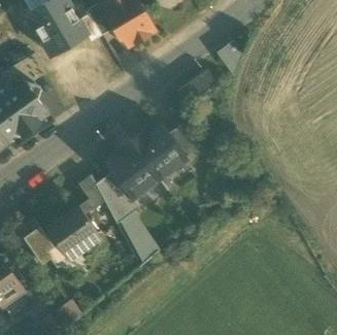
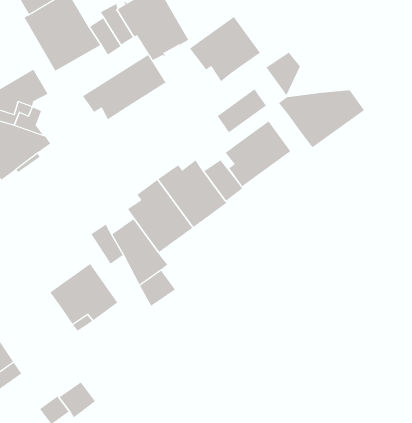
building: none -> [189,16,261,82]
building: none -> [82,54,166,120]
building: none -> [278,90,365,148]
building: none -> [225,120,291,187]
building: [20,221,57,263] -> none
building: [127,228,161,267] -> none

